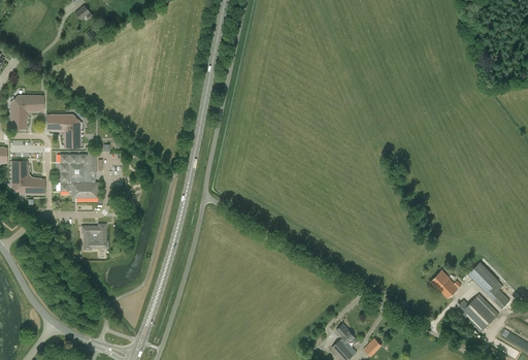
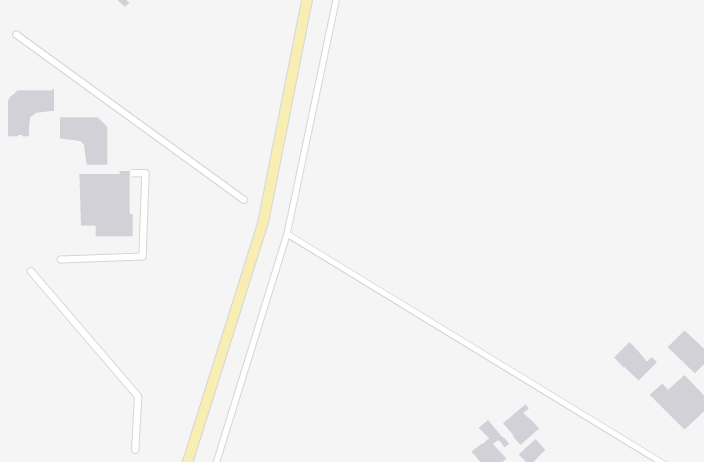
building: [11,161,44,195] -> none
building: [81,224,108,250] -> none
building: none -> [502,403,540,446]

